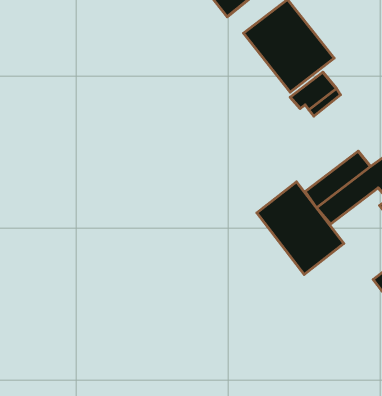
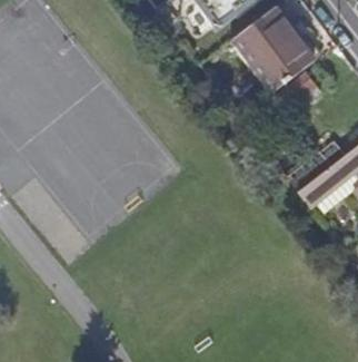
building: [257,182,344,275] -> none

